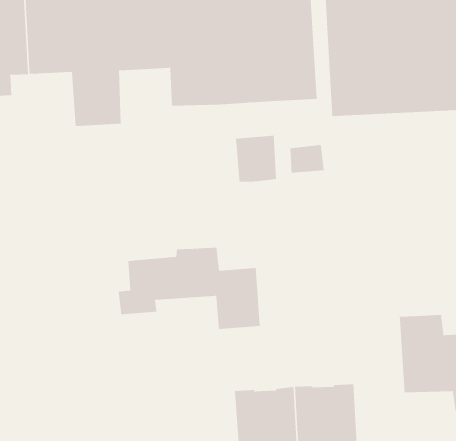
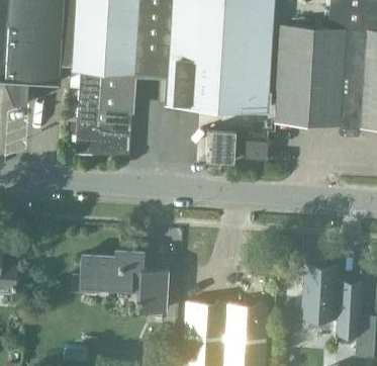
building: none -> [67,72,130,158]
building: [118,247,260,330] -> [71,253,168,312]

